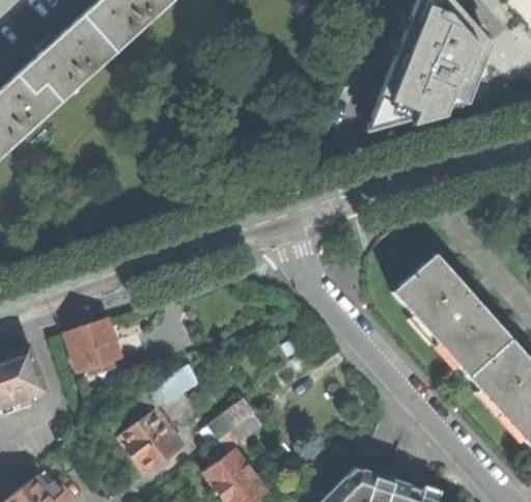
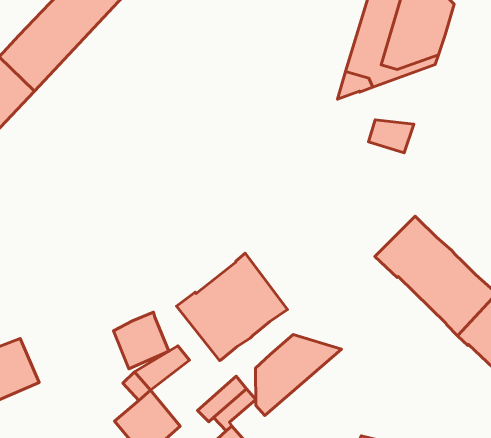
building: none -> [368,120,414,153]
building: none -> [176,253,287,361]
building: [67,317,121,372] -> [113,312,169,369]
building: none -> [255,335,341,415]

